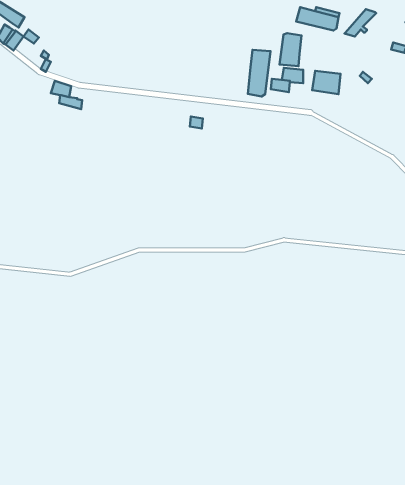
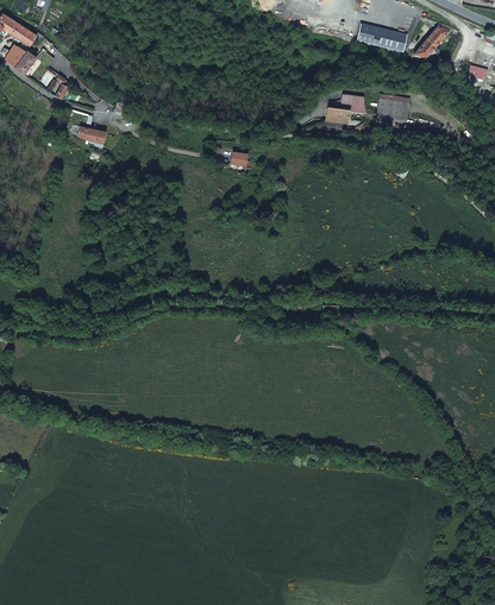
building: [279,33,302,66] -> none
building: [248,50,270,96] -> none

